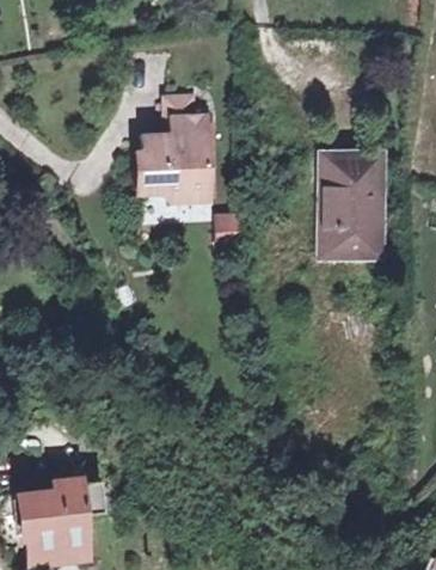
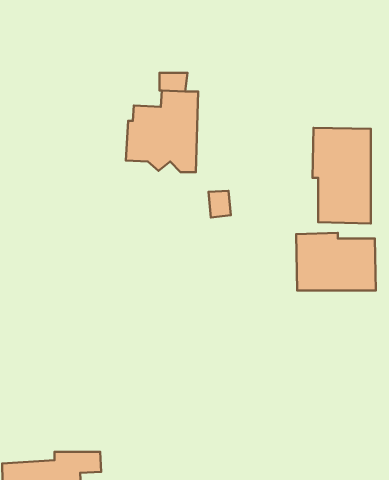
building: none -> [296,233,376,290]

